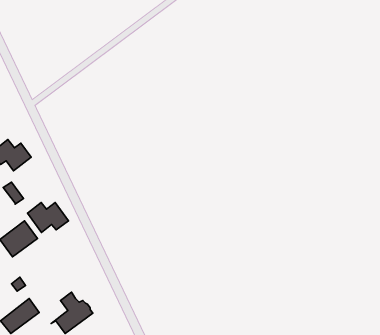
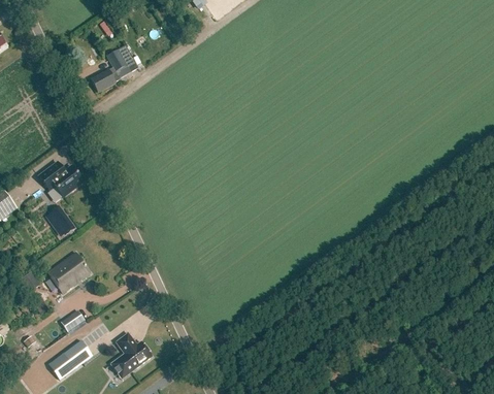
building: none -> [90,44,136,91]
building: [27,202,69,233] -> none

